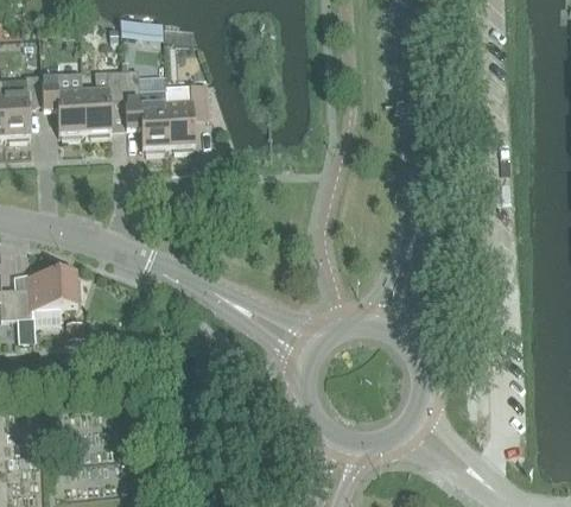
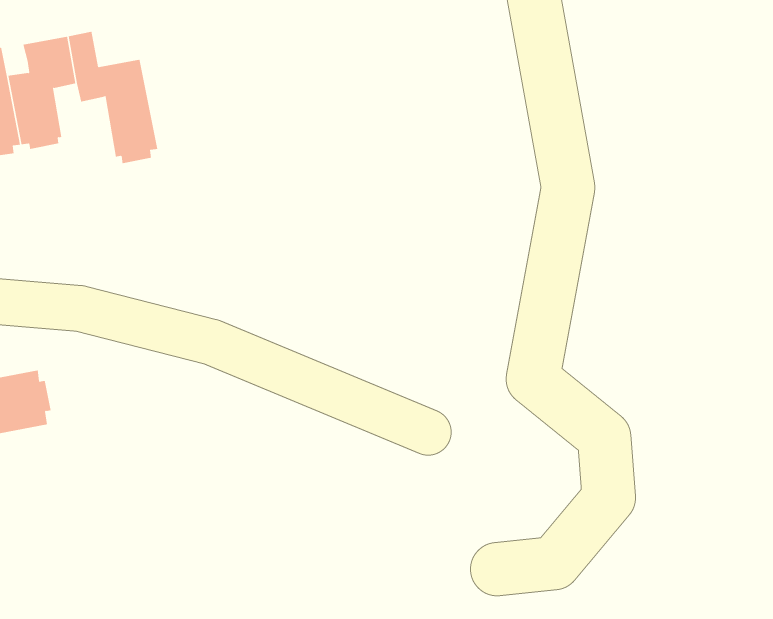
building: [165,84,208,151] -> none

